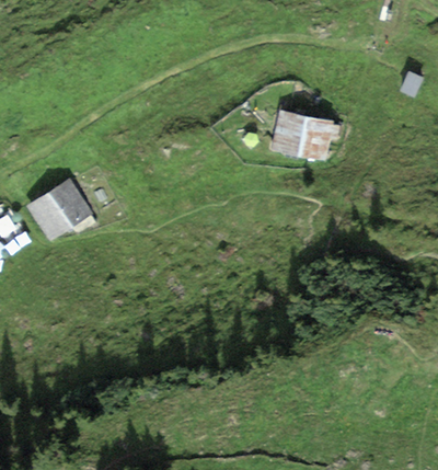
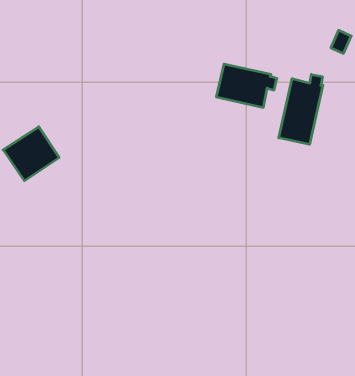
building: none -> [279,74,323,144]

